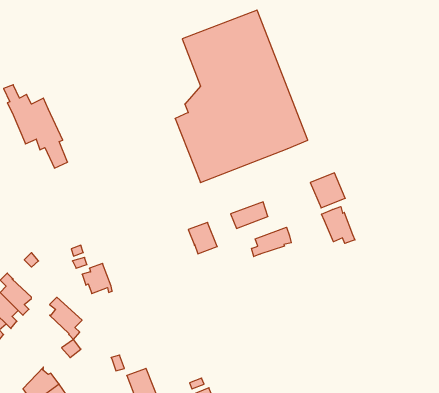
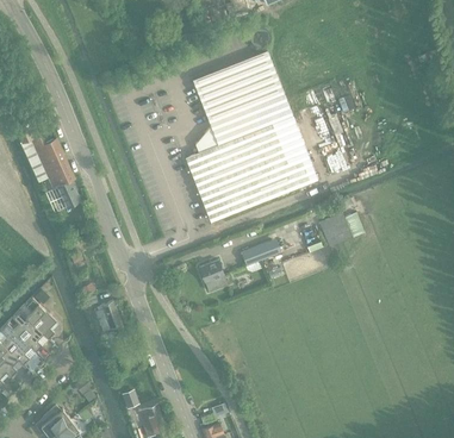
building: [322,207,355,243] -> none
building: [252,227,291,257] -> none
building: [50,297,82,339] -> [24,299,56,340]

